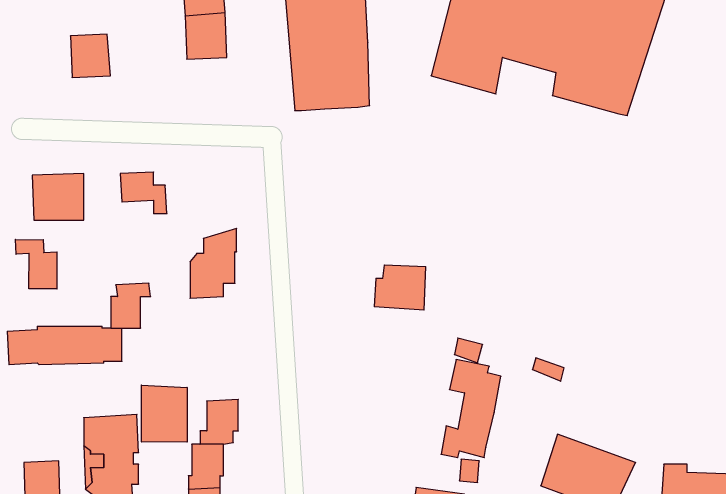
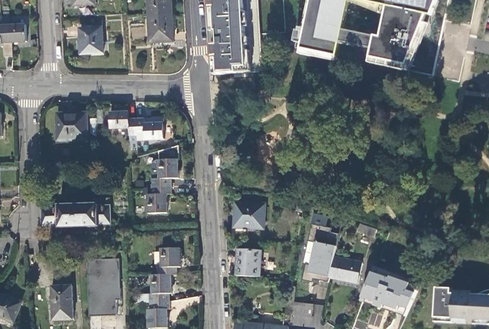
building: none -> [135,116,163,139]
building: [15,239,57,289] -> none
building: [374,265,426,310] -> [233,201,264,228]
building: [111,283,151,328] -> [147,185,171,212]
building: [141,385,187,442] -> none
building: none -> [234,247,260,276]
building: none -> [328,255,361,282]

